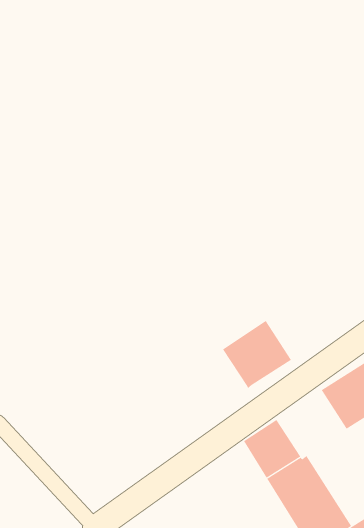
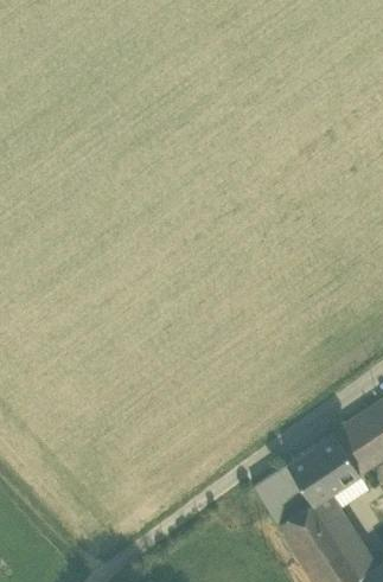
building: [222,320,292,389] -> [288,435,359,505]

